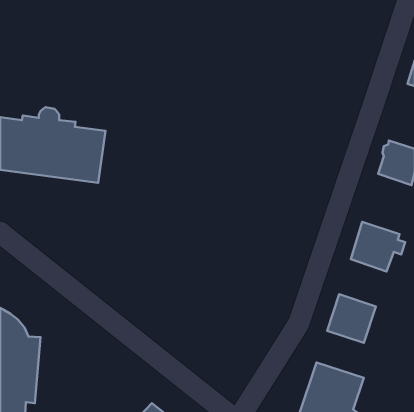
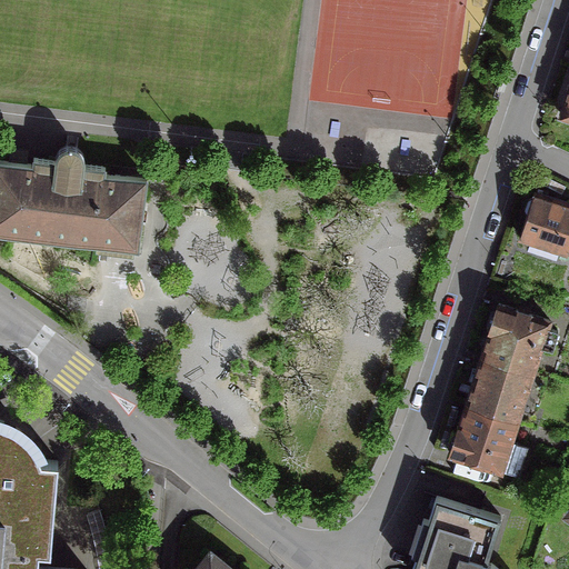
building: none -> [466,359,530,423]

